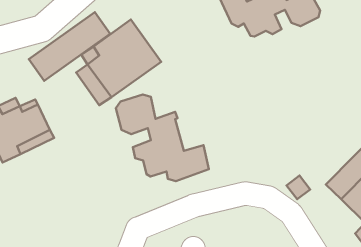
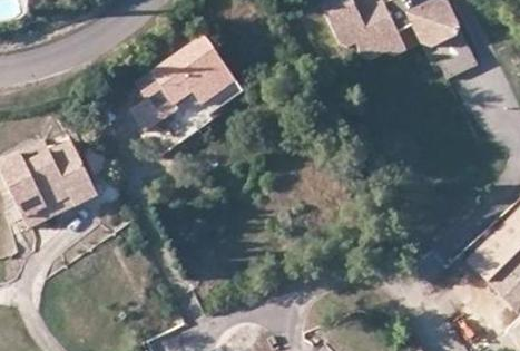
building: none -> [432,21,477,75]
building: [29,12,110,81] -> none
building: [116,94,209,181] -> none

